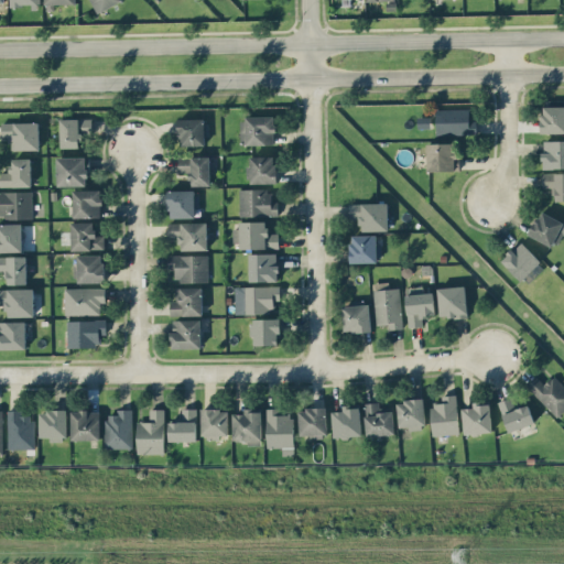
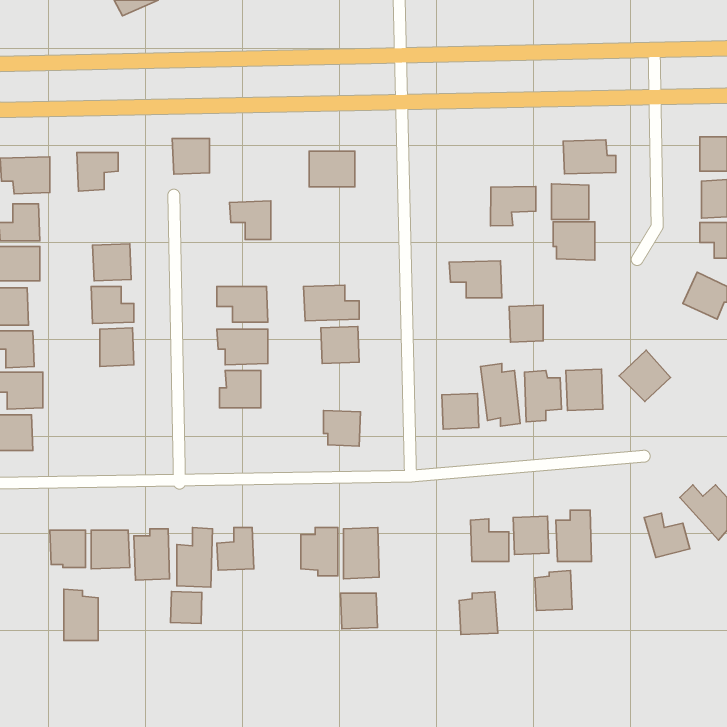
building: [177,119,206,147] -> [172,138,209,174]
building: none -> [490,186,536,226]
building: [247,156,275,184] -> none
building: [56,158,87,186] -> none
building: none -> [553,222,595,260]
building: [239,189,278,217] -> none
building: [167,192,198,219] -> none
building: [349,235,376,263] -> [509,305,543,342]
building: [500,241,540,281] -> [619,350,670,402]
building: [234,286,280,314] -> none
building: [64,289,105,315] -> none
building: [171,319,200,349] -> none
building: [66,321,106,348] -> none
building: [462,403,490,434] -> [535,571,572,611]
building: [332,405,361,438] -> [459,592,498,635]
building: [297,409,326,436] -> [341,593,378,629]
building: [7,410,33,449] -> [64,589,98,640]
building: [200,410,228,437] -> none
building: none -> [171,592,202,623]

